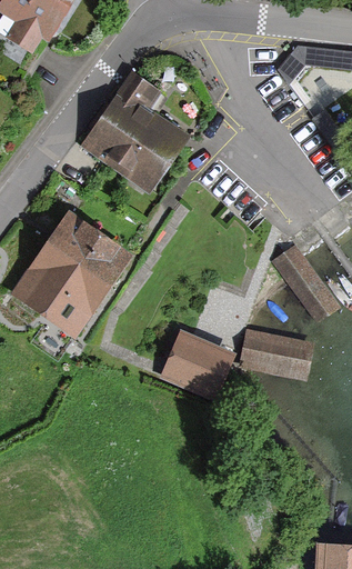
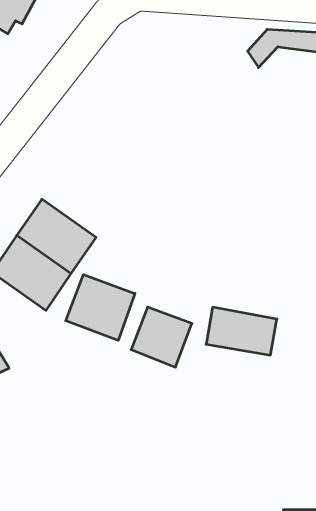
building: [81,72,190,193] -> none
building: [273,247,335,322] -> none
building: none -> [66,275,135,340]

